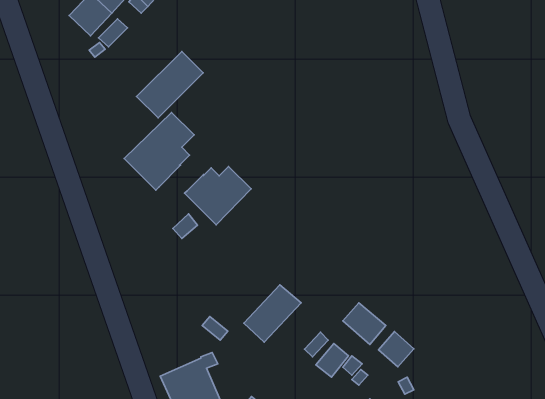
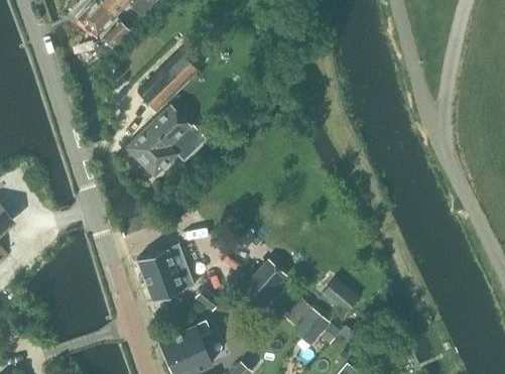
building: [185,166,251,225] -> none
building: none -> [138,244,195,300]
building: [378,332,414,367] -> none

